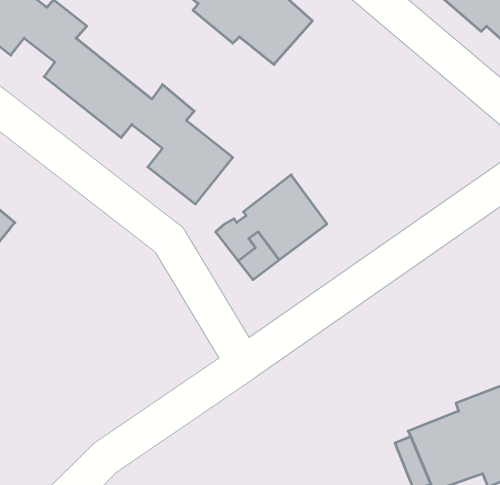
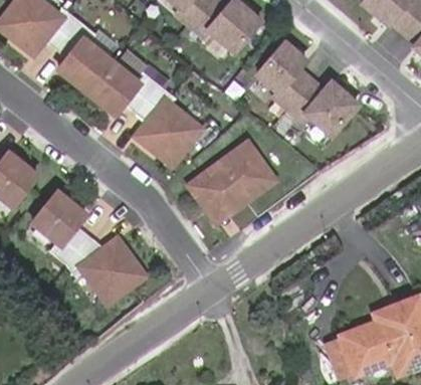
building: none -> [252,39,361,140]
building: none -> [33,192,144,303]

